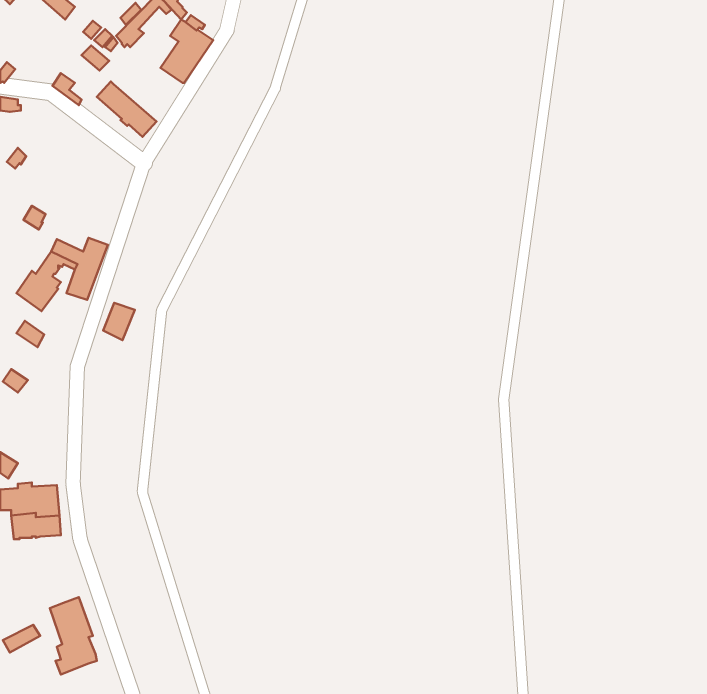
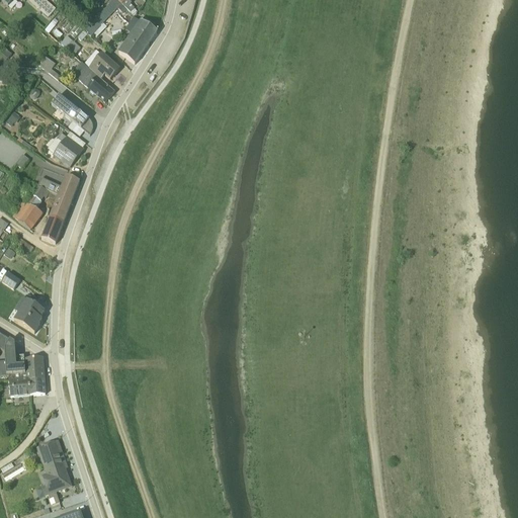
building: none -> [83,48,119,78]
building: none -> [51,92,92,135]
building: none -> [48,130,83,165]
building: [103,303,135,340] -> [40,214,64,242]
building: none -> [13,294,45,331]

